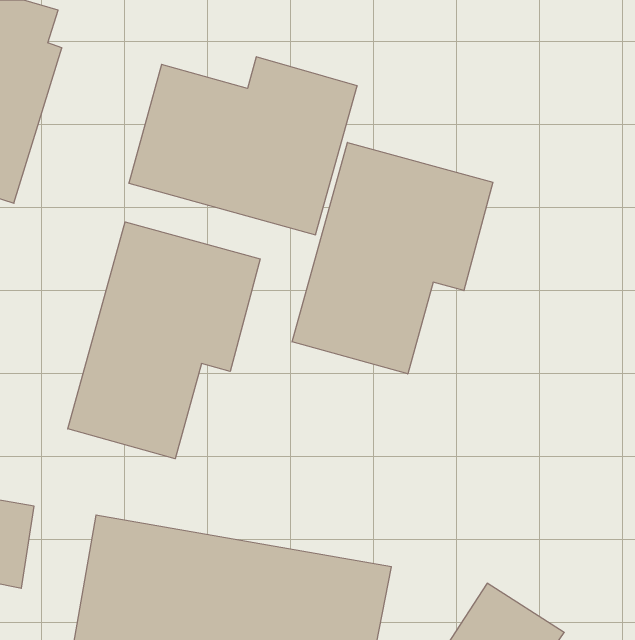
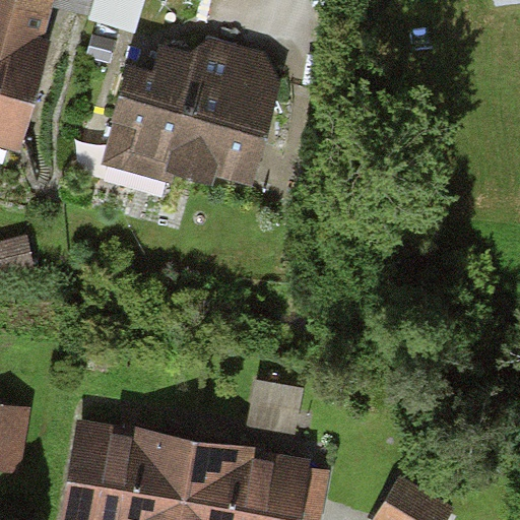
building: [292,142,493,374] -> none
building: [68,222,260,459] -> none

